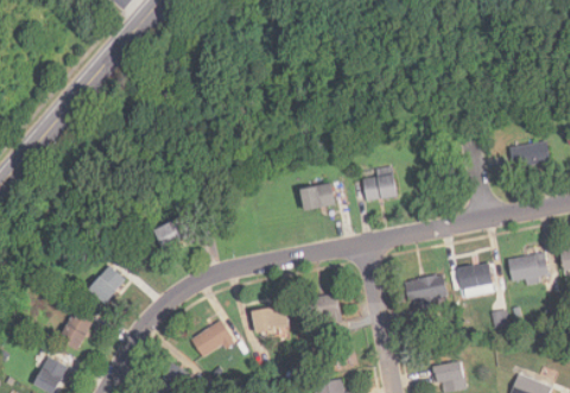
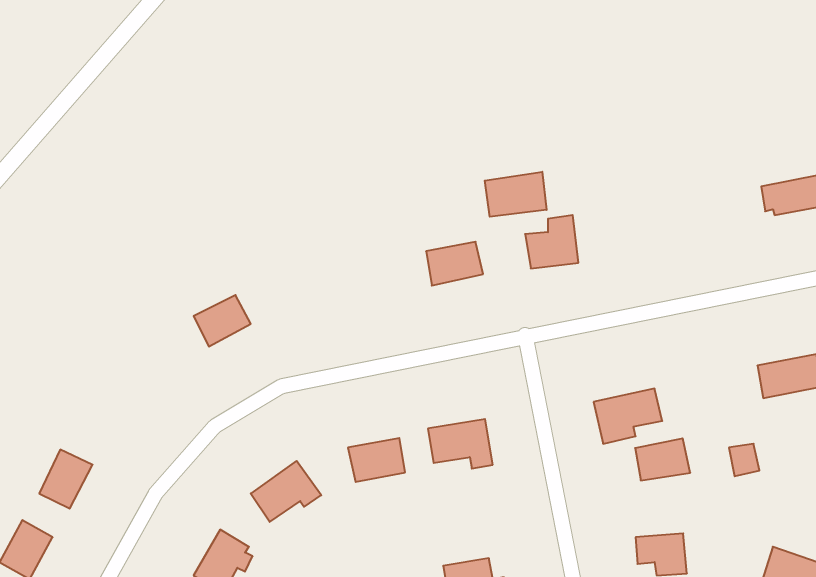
building: none -> [485,172,547,217]
building: [458,262,493,289] -> [635,438,690,480]
building: [89,266,126,303] -> none

